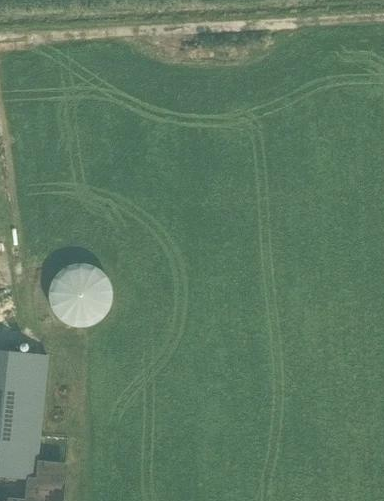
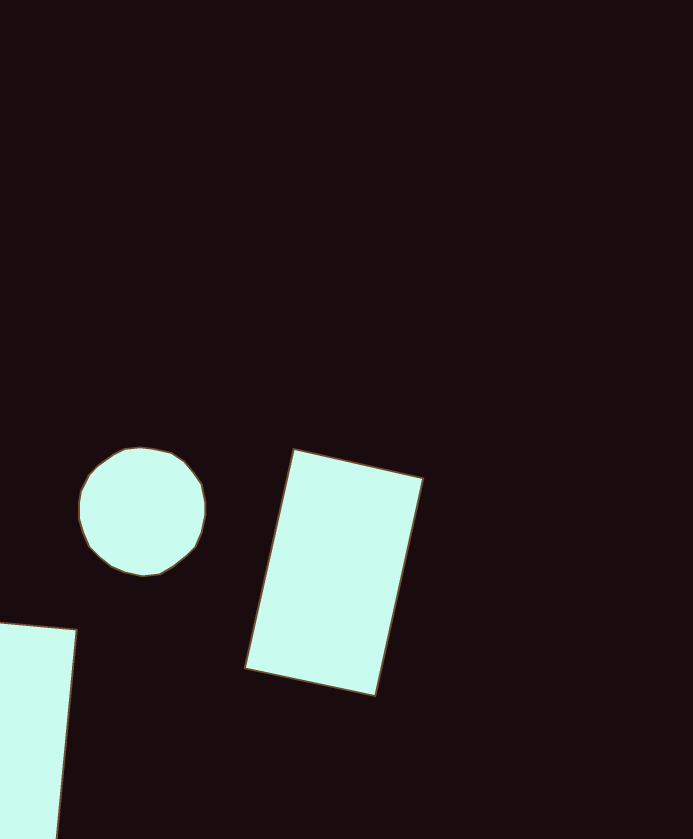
building: none -> [245,449,423,696]

